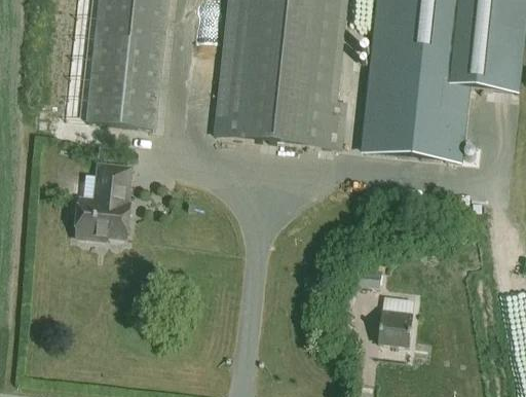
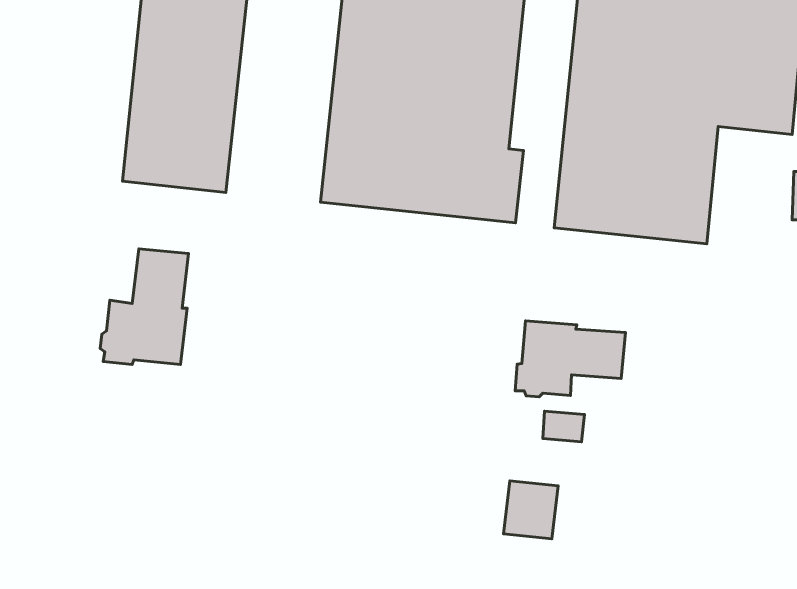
building: none -> [515,321,626,397]
building: [381,308,416,345] -> [504,481,558,539]

